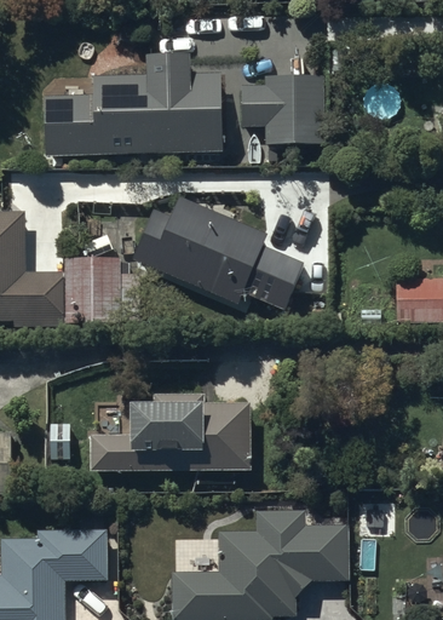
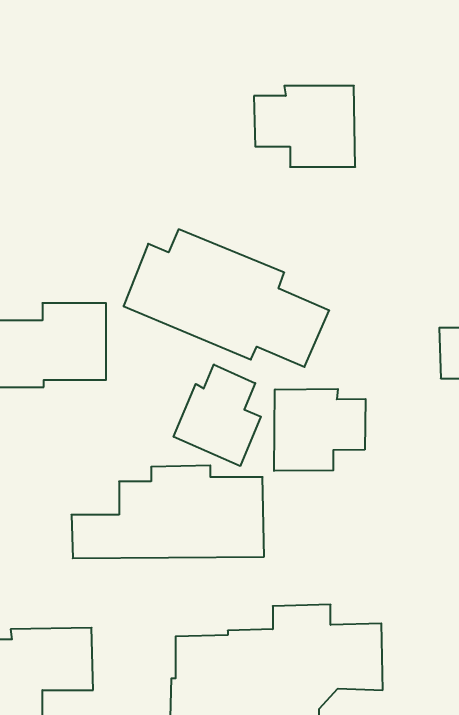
building: [46,57,223,154] -> none
building: none -> [174,364,261,466]
building: none -> [274,389,366,471]

